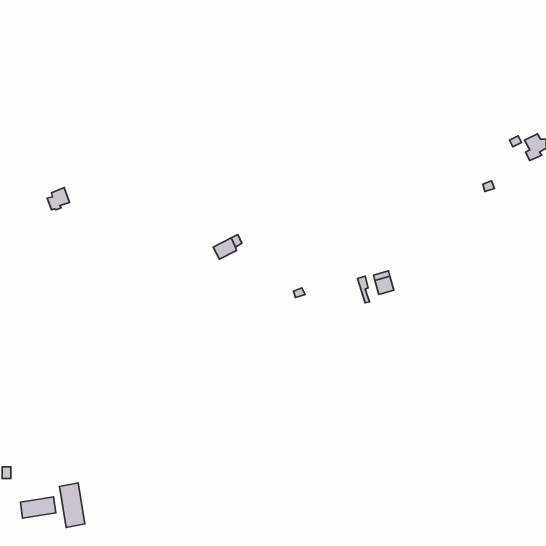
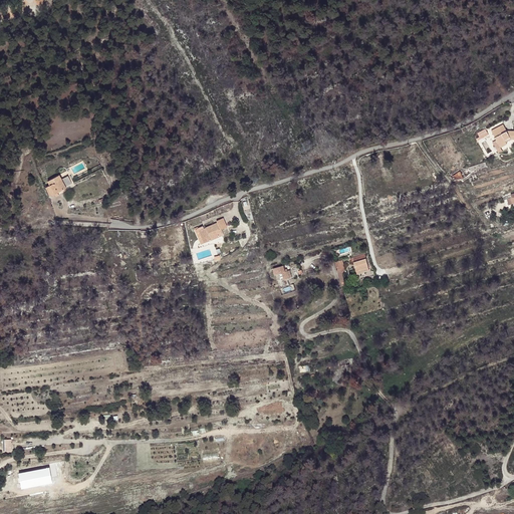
building: [59,483,85,527] -> none

